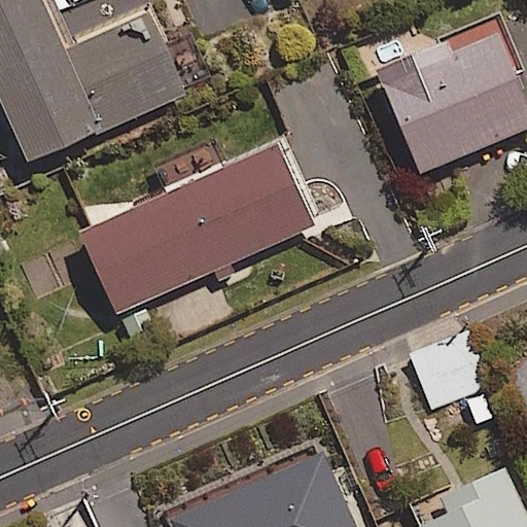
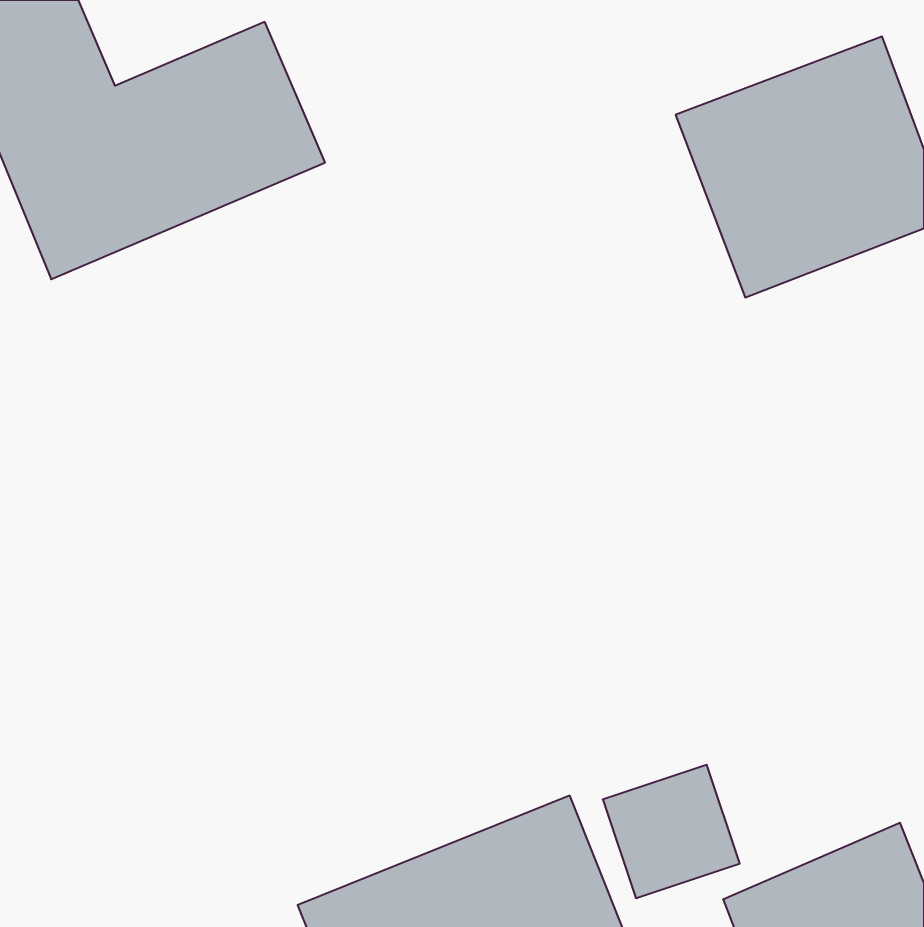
building: [80,143,314,315] -> none
building: [408,335,485,410] -> [603,765,740,898]

